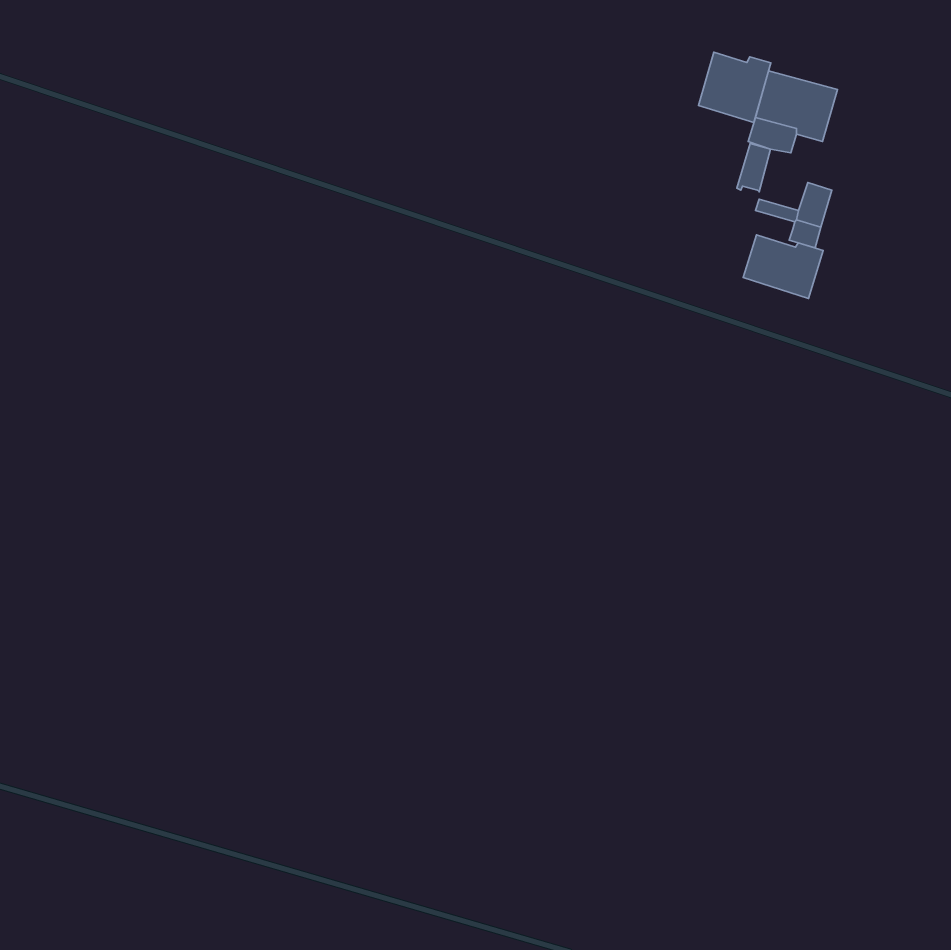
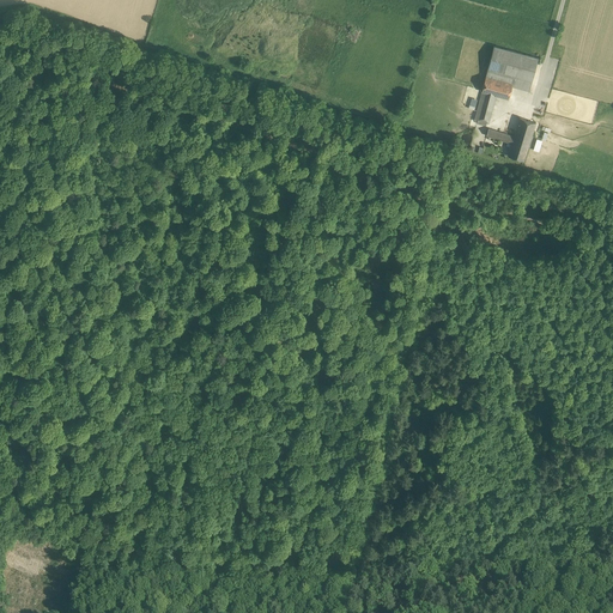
building: [698,52,771,123] -> none
building: [743,235,823,298] -> none

